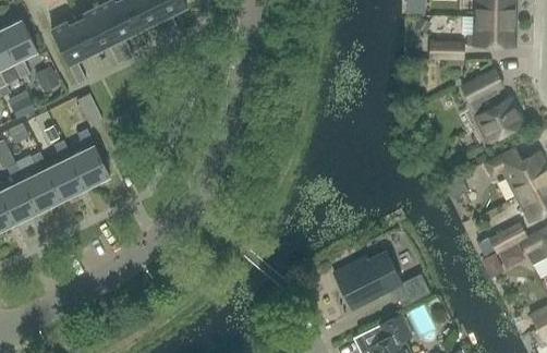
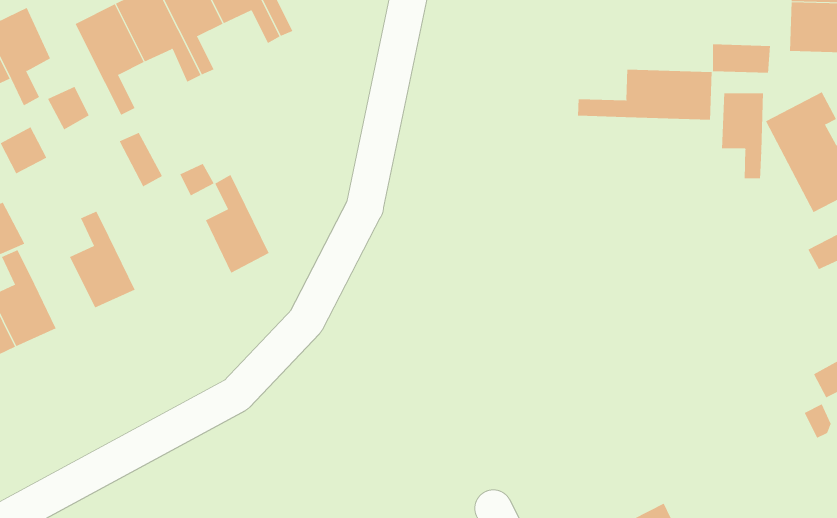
building: none -> [578,69,712,120]
building: none -> [721,92,764,179]
building: [72,129,110,187] -> [205,174,269,273]
building: [25,151,63,210] -> none
building: [333,251,430,309] -> none

